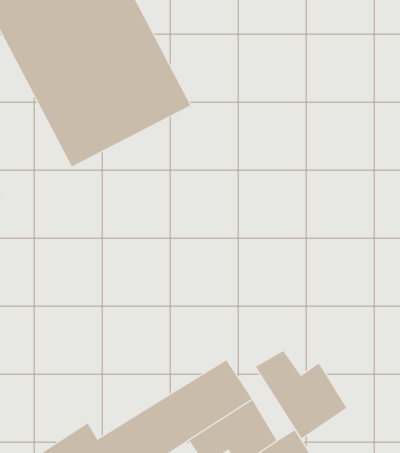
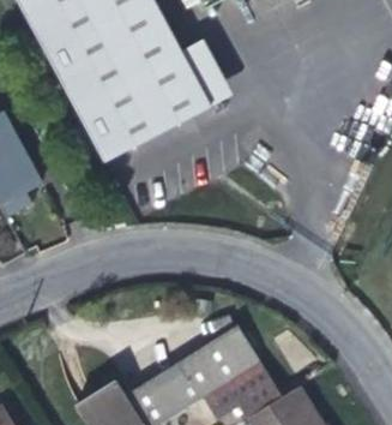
building: none -> [177,37,228,103]
building: [255,350,347,439] -> none

